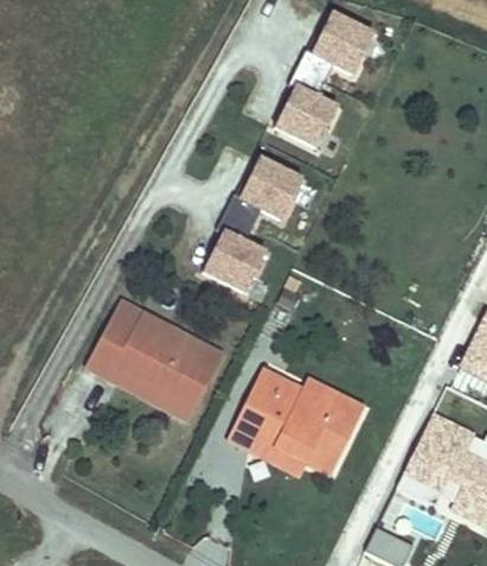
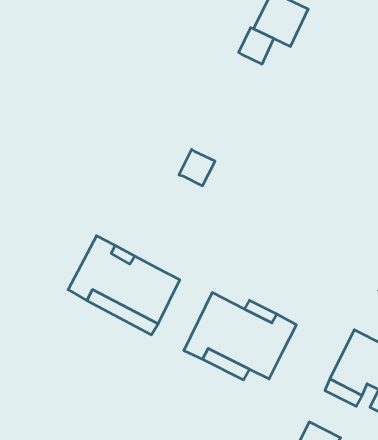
building: [275,81,341,147] -> none
building: [239,153,306,220] -> none
building: [204,228,270,294] -> none

